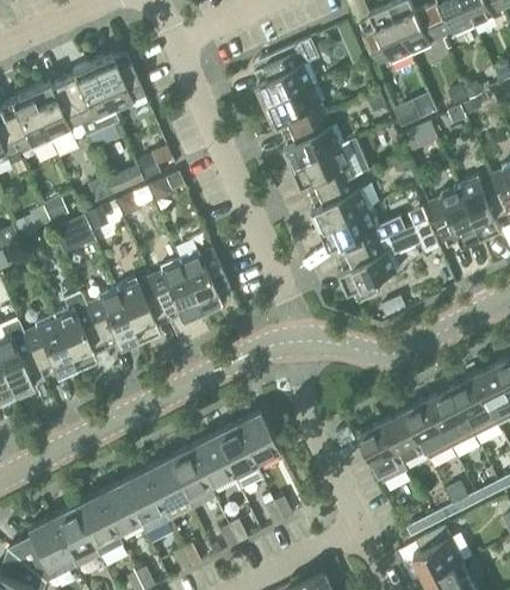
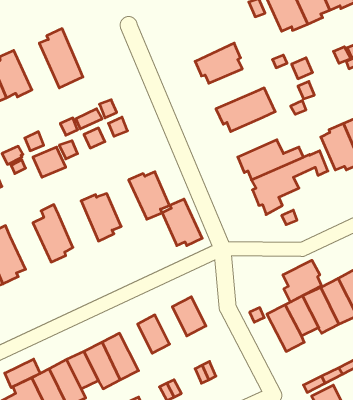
building: [255,37,318,104] -> none
building: [91,51,143,113] -> none
building: [27,80,80,141] -> none
building: [282,113,344,166] -> none
building: [311,176,372,229] -> none
building: [149,259,201,319] -> [162,199,202,246]
building: [86,286,138,347] -> none
building: [23,315,76,375] -> none
building: none -> [283,260,321,302]
building: [212,424,262,489] -> none
building: [166,447,213,508] -> none
building: none -> [5,359,40,388]

